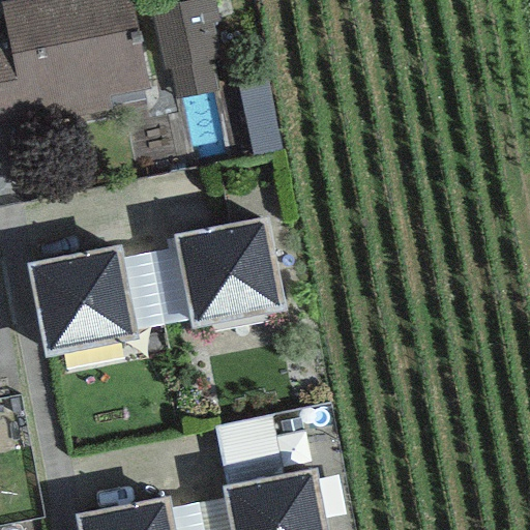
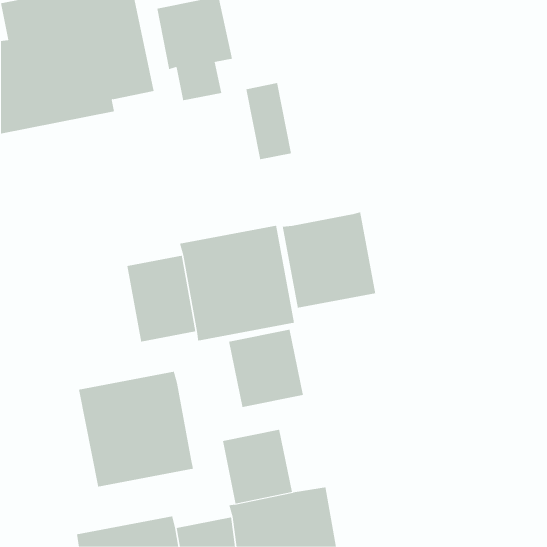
building: none -> [282,212,376,308]
building: [27,245,139,357] -> [78,371,194,487]
building: none -> [229,329,303,408]

